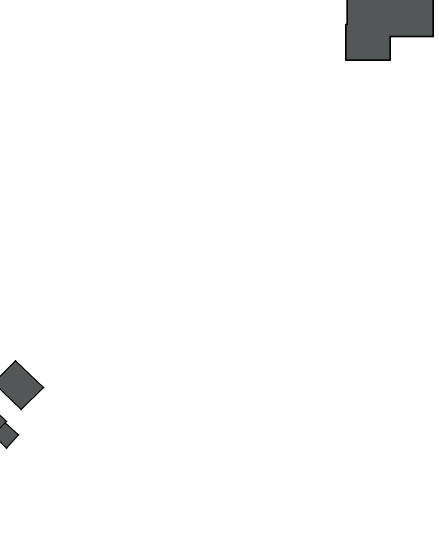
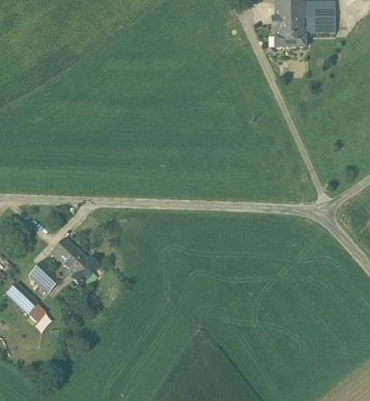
building: none -> [52,236,101,286]

